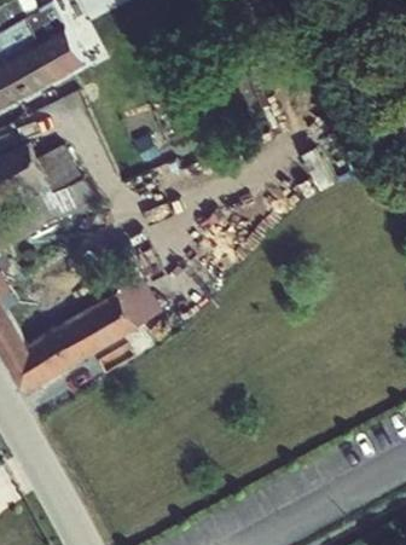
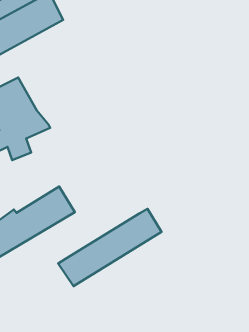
building: [115,277,164,325] -> none
building: none -> [58,209,161,286]

